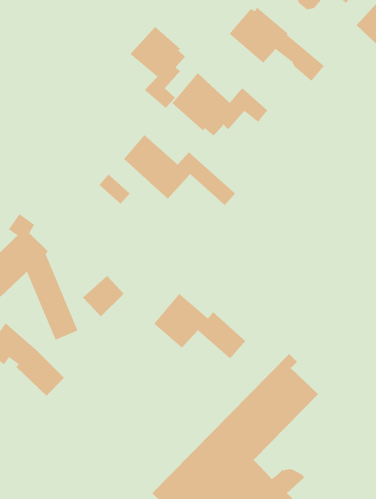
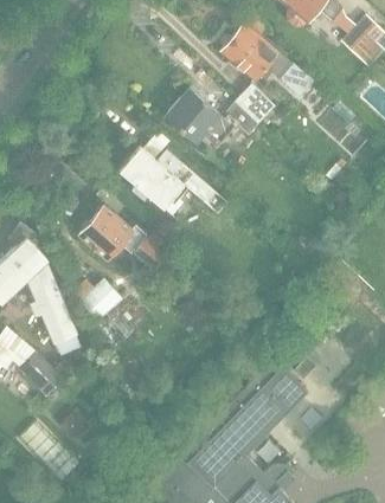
building: [129,26,186,109] -> none
building: none -> [235,85,275,124]
building: [153,293,246,360] -> [79,206,168,270]

